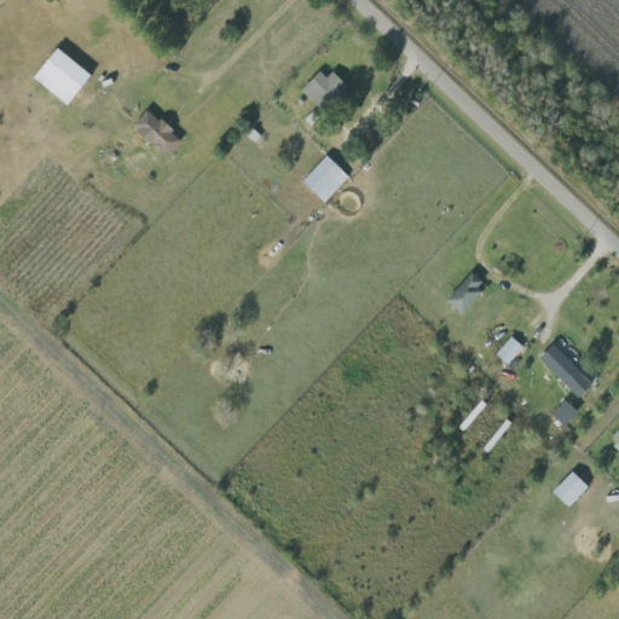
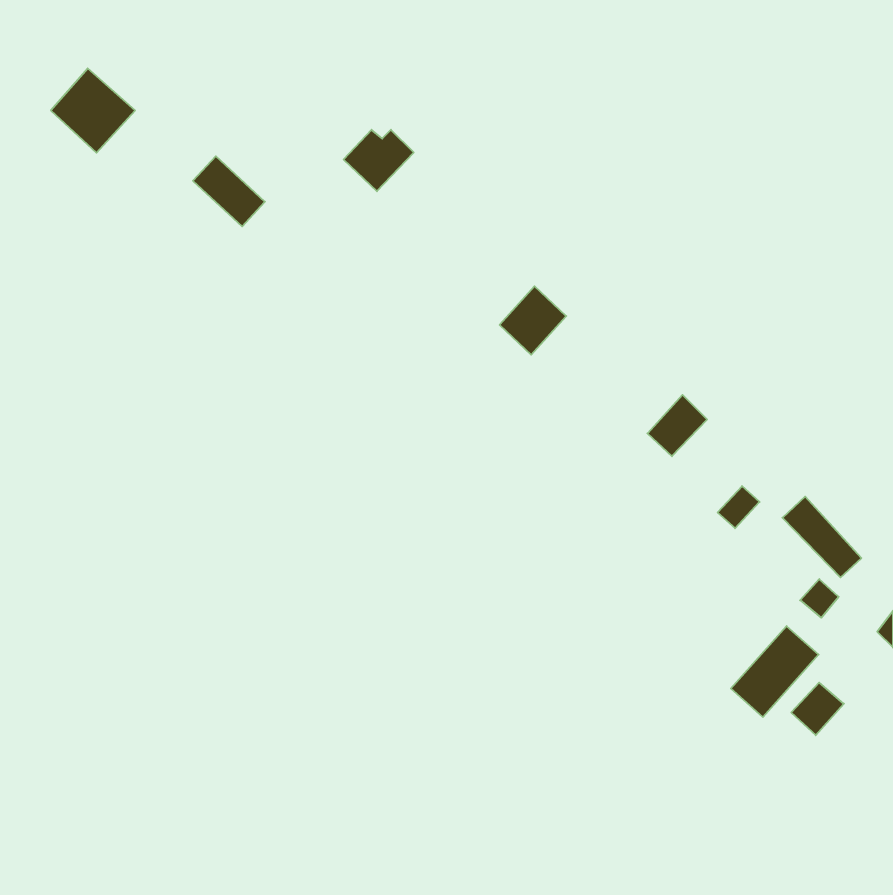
building: [301,70,349,112] -> [344,130,414,191]
building: [302,155,348,202] -> [500,286,566,355]
building: none -> [731,626,819,717]

